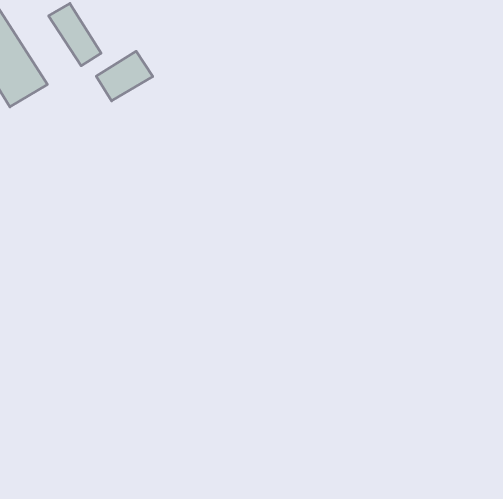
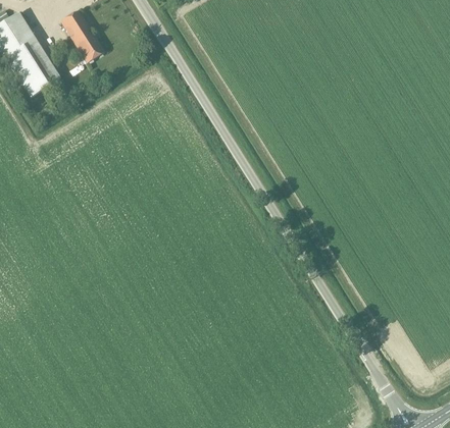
building: [96,51,153,101] -> none

